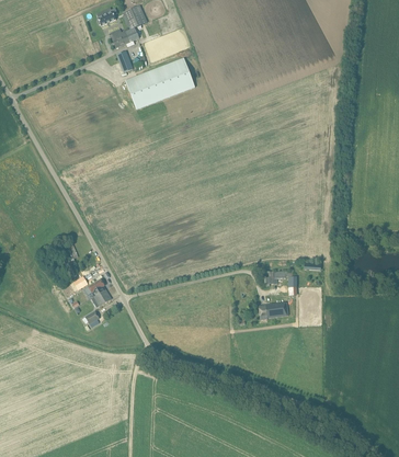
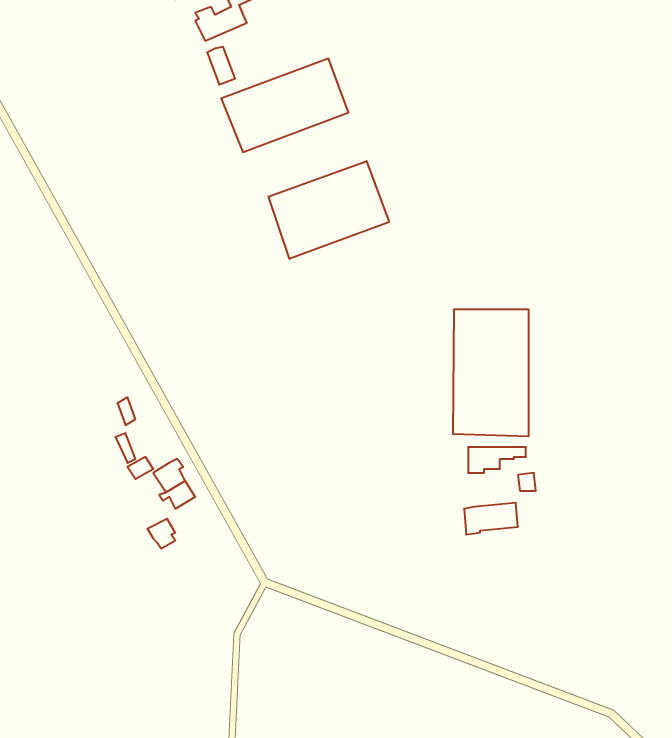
building: none -> [268,161,389,259]
building: none -> [453,309,529,436]

